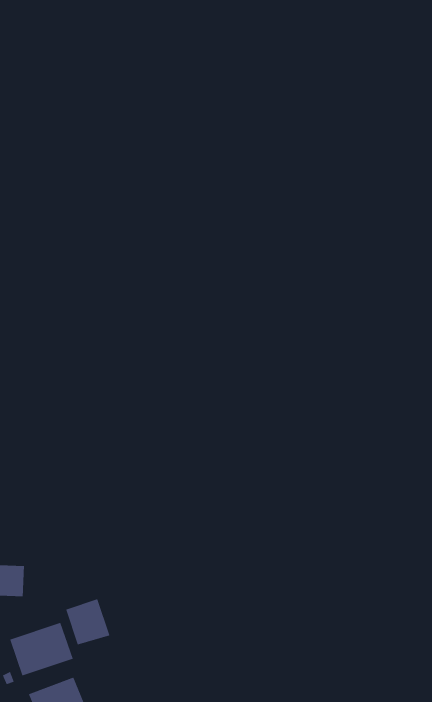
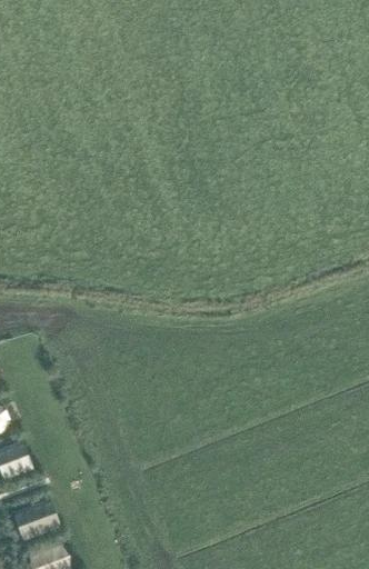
building: [65,598,110,645] -> none

